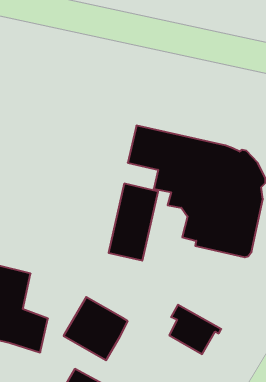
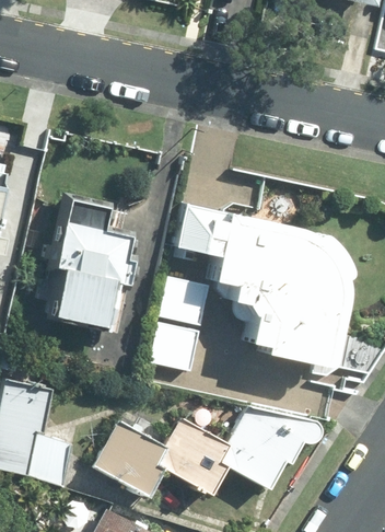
building: none -> [47,221,128,328]
building: none -> [238,405,323,459]
building: none -> [165,417,237,495]

